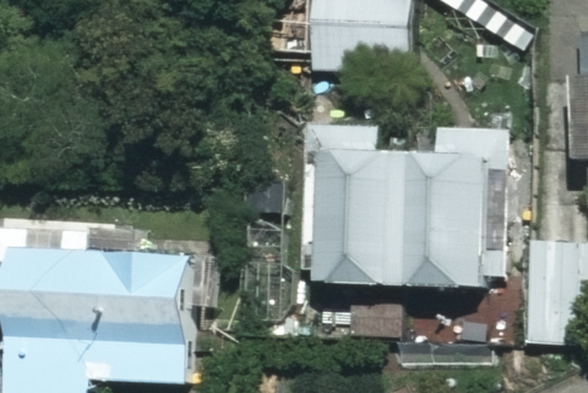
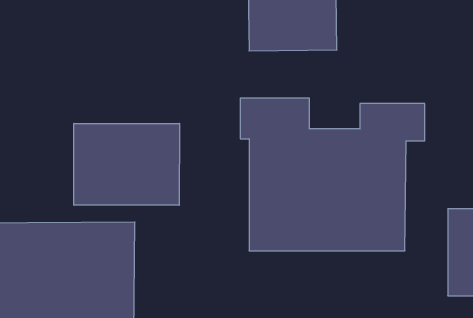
building: none -> [74,123,179,205]

